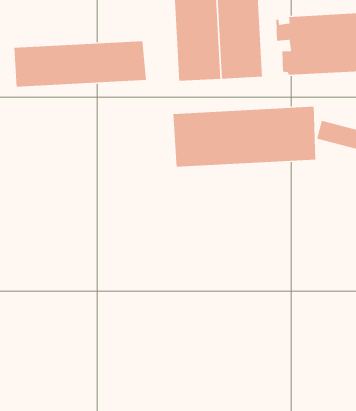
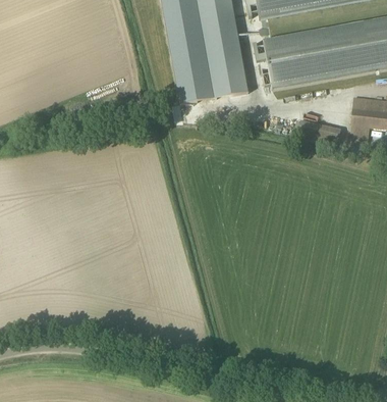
building: [14,41,147,88] -> none
building: [173,106,316,167] -> none

